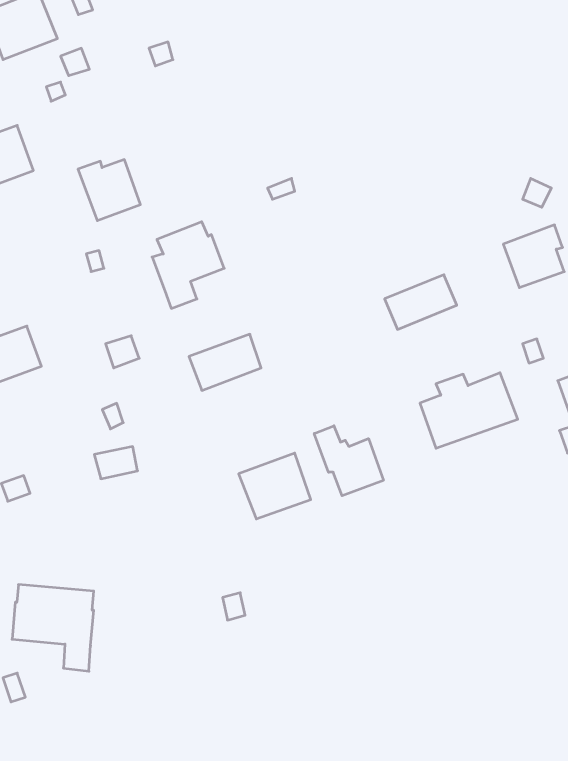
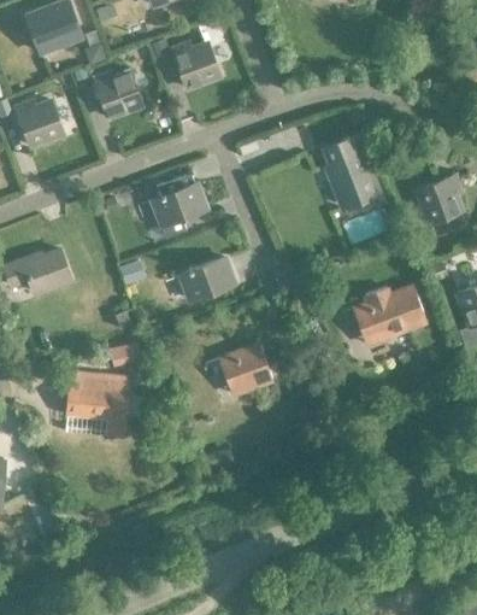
building: none -> [172,43,219,88]
building: [78,160,140,221] -> [94,71,141,117]
building: none -> [323,133,378,213]
building: [314,426,383,496] -> none
building: [12,585,94,671] -> [66,371,128,437]

